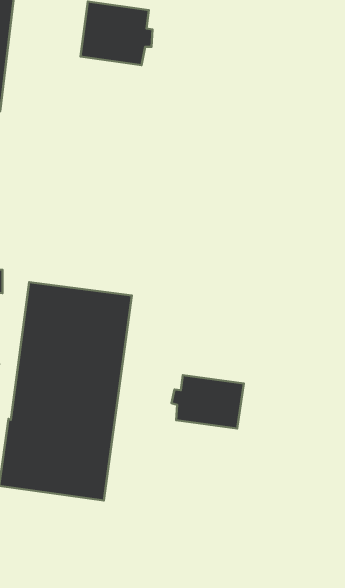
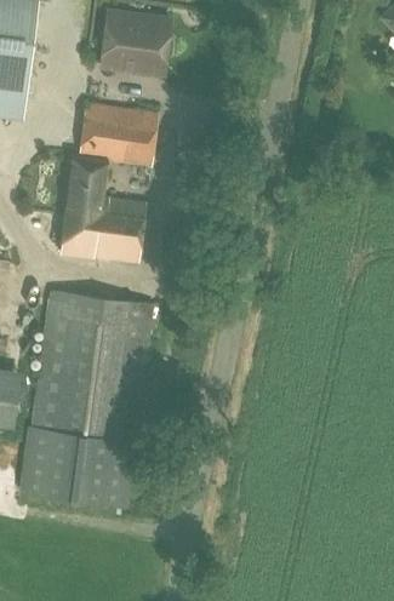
building: none -> [61,103,158,261]
building: [171,375,244,428] -> none

